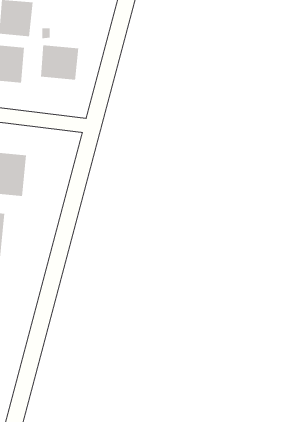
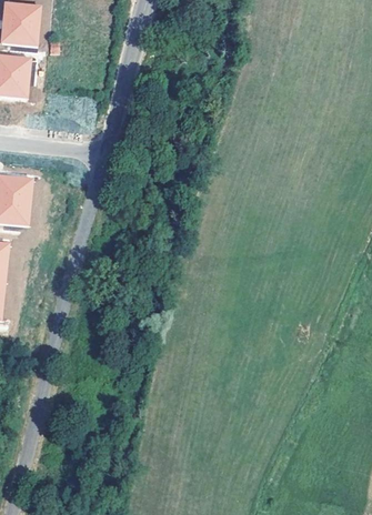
building: [41,45,79,80] -> none

